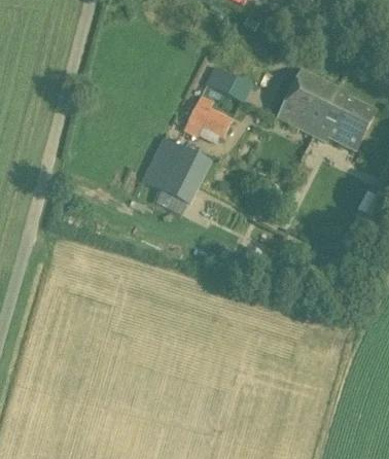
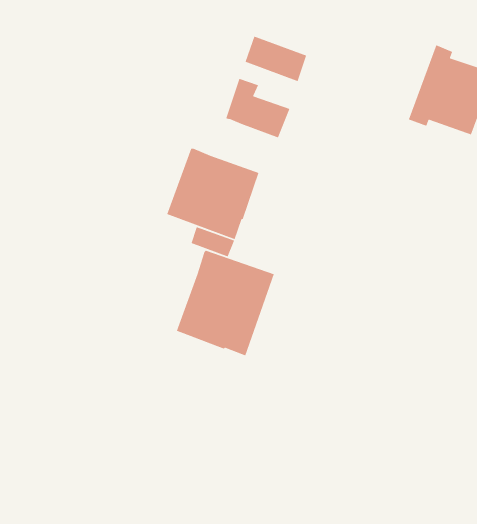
building: [278,68,339,135] -> none
building: none -> [176,250,275,357]

